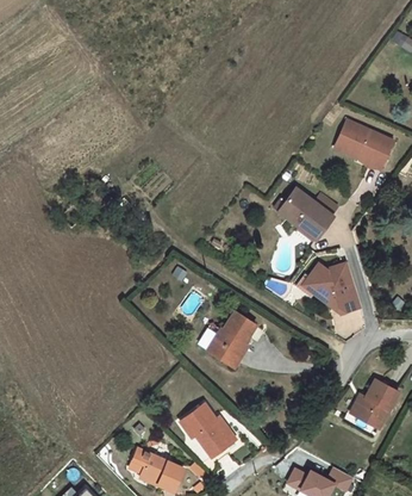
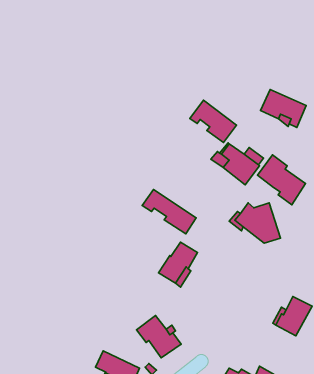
building: none -> [190,100,237,143]
building: none -> [258,155,306,205]
building: none -> [142,189,196,234]

